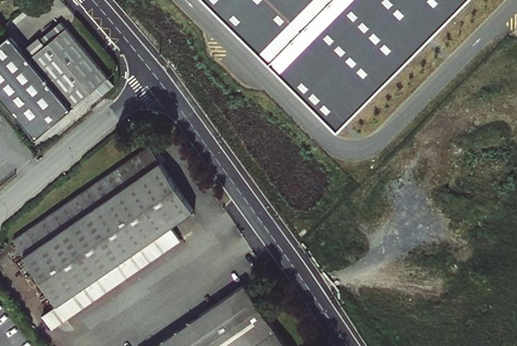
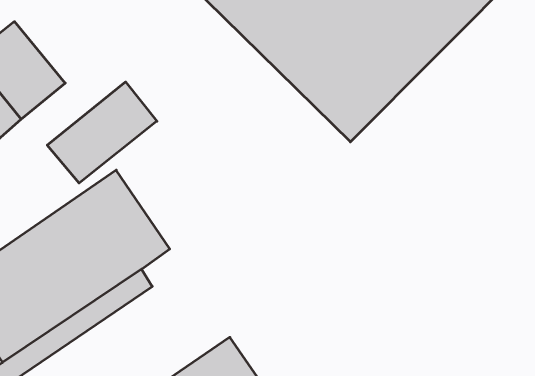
building: none -> [47,82,157,183]

